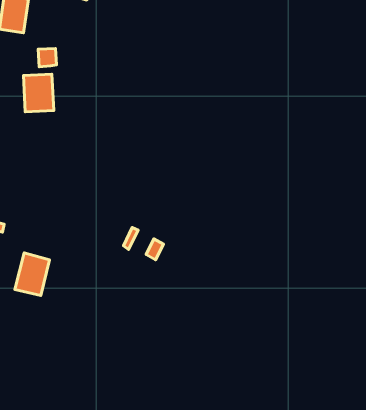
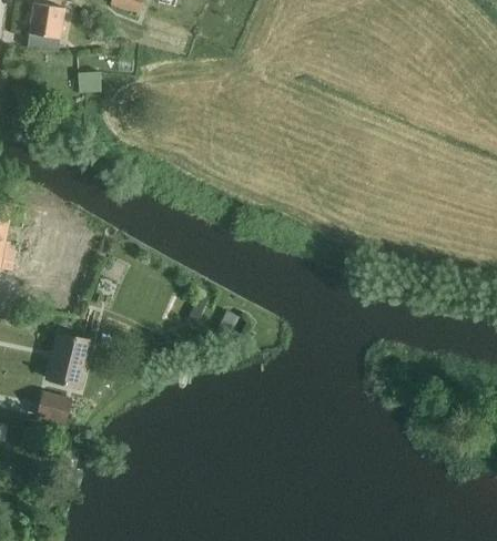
building: [23,74,54,112] -> none
building: none -> [38,391,70,422]

